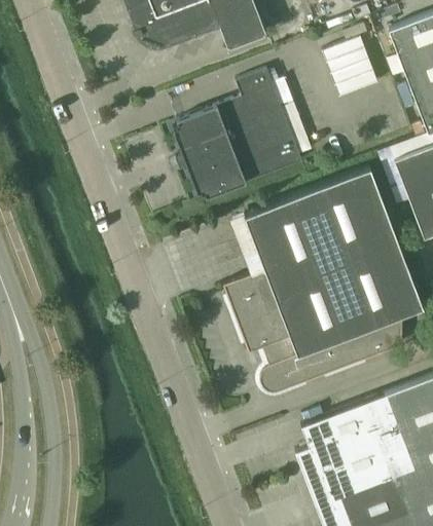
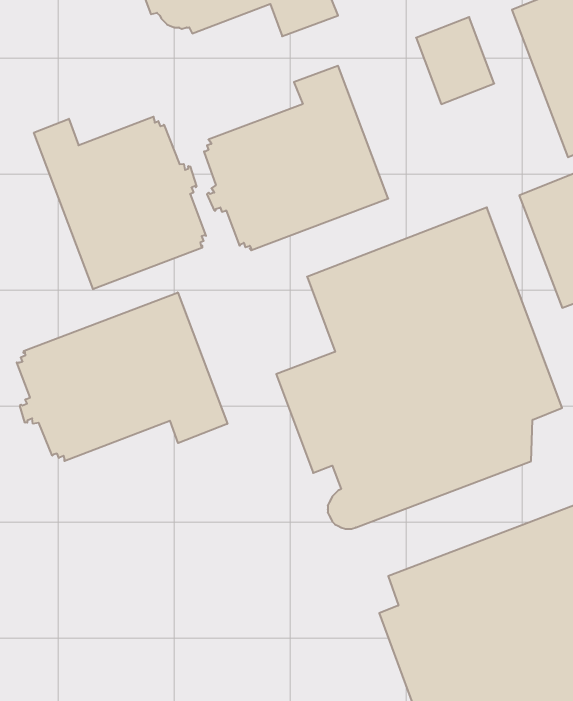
building: none -> [34,117,206,289]
building: none -> [17,292,227,461]

